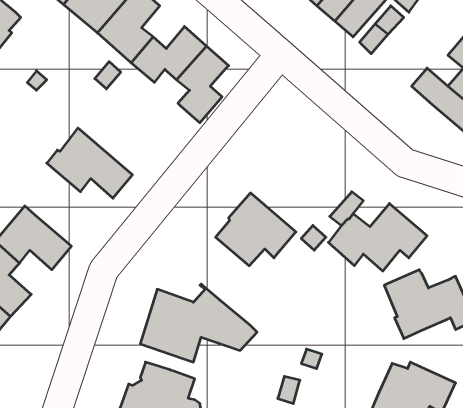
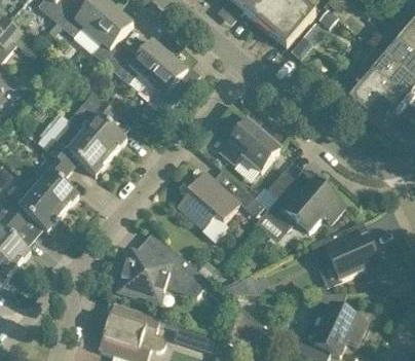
building: none -> [68,91,126,155]
building: none -> [221,120,279,171]
building: none -> [34,152,78,212]

